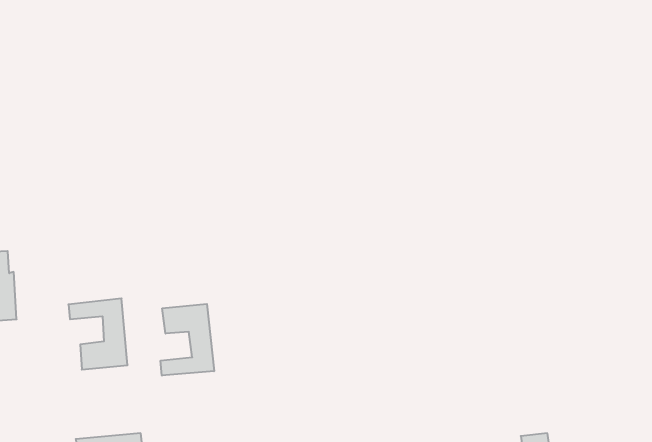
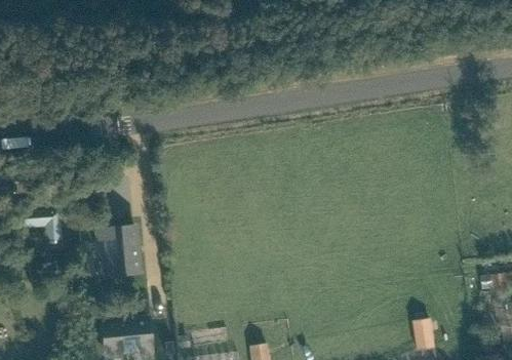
building: [161,304,214,376] -> none

